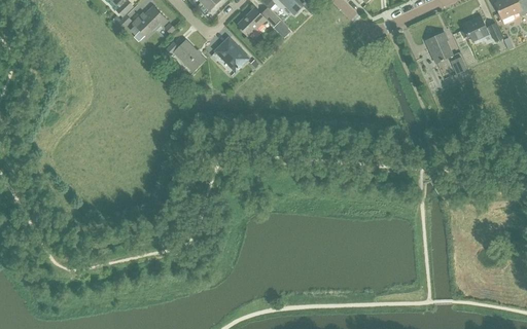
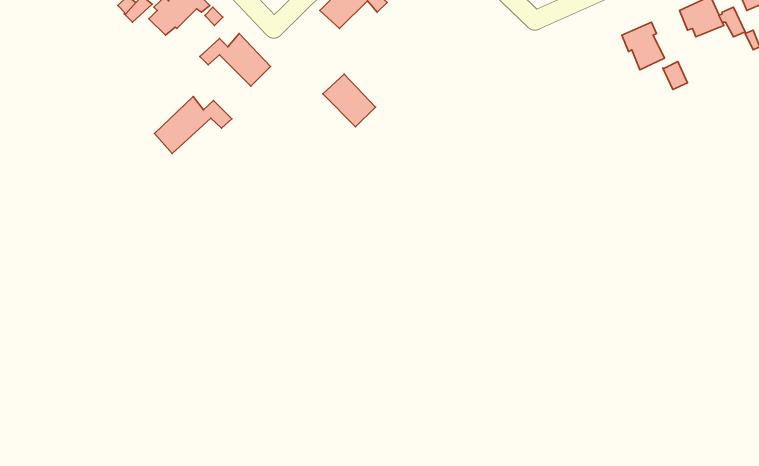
building: [214,38,247,71] -> [323,74,375,127]
building: none -> [154,96,232,153]

